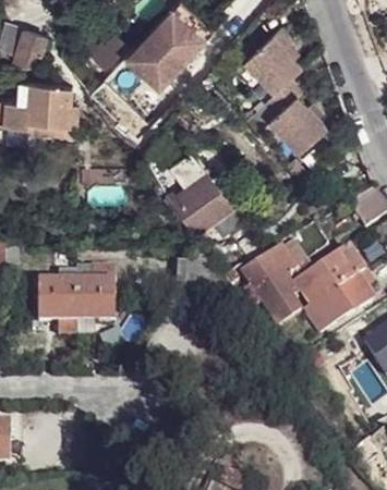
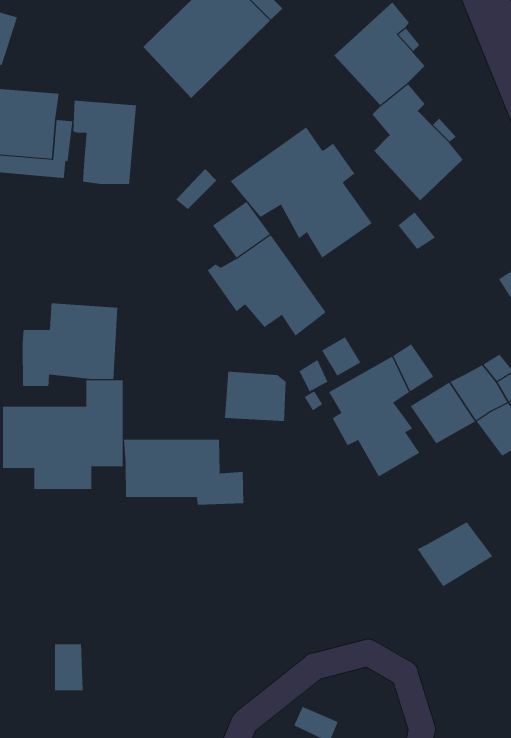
building: none -> [73,100,136,185]
building: none -> [230,127,372,259]
building: none -> [22,303,118,387]
building: [303,289,351,330] -> [417,521,493,587]
building: none -> [124,439,244,506]

